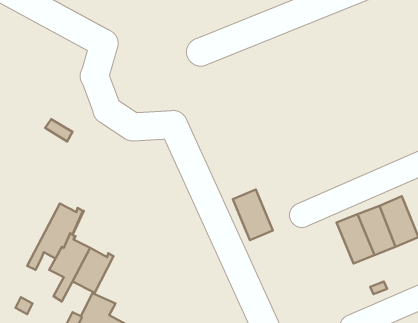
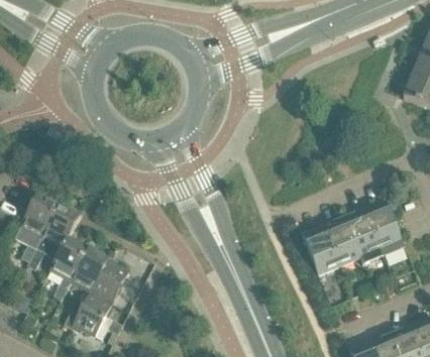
building: none -> [15,192,59,265]
building: [233,190,273,240] -> [302,224,340,272]
building: none -> [90,256,128,302]

